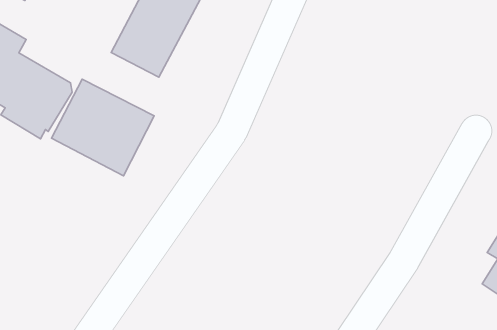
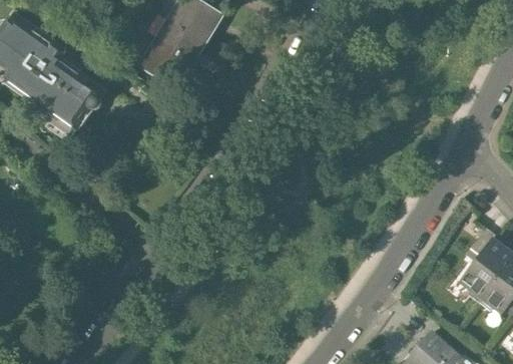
building: [51,79,154,176] -> none

